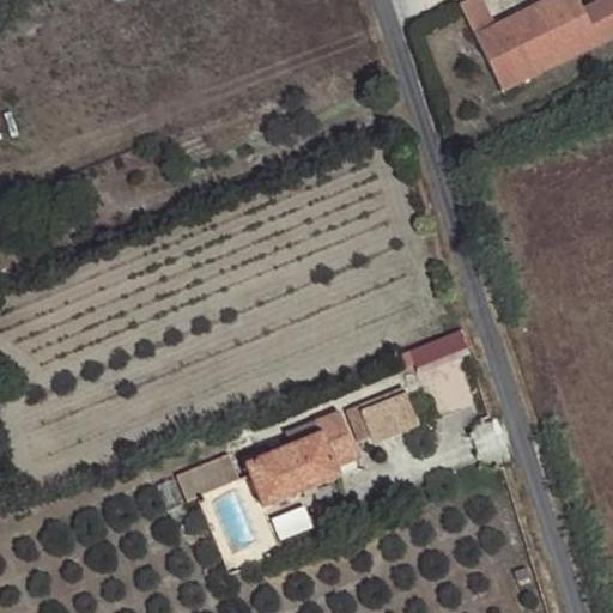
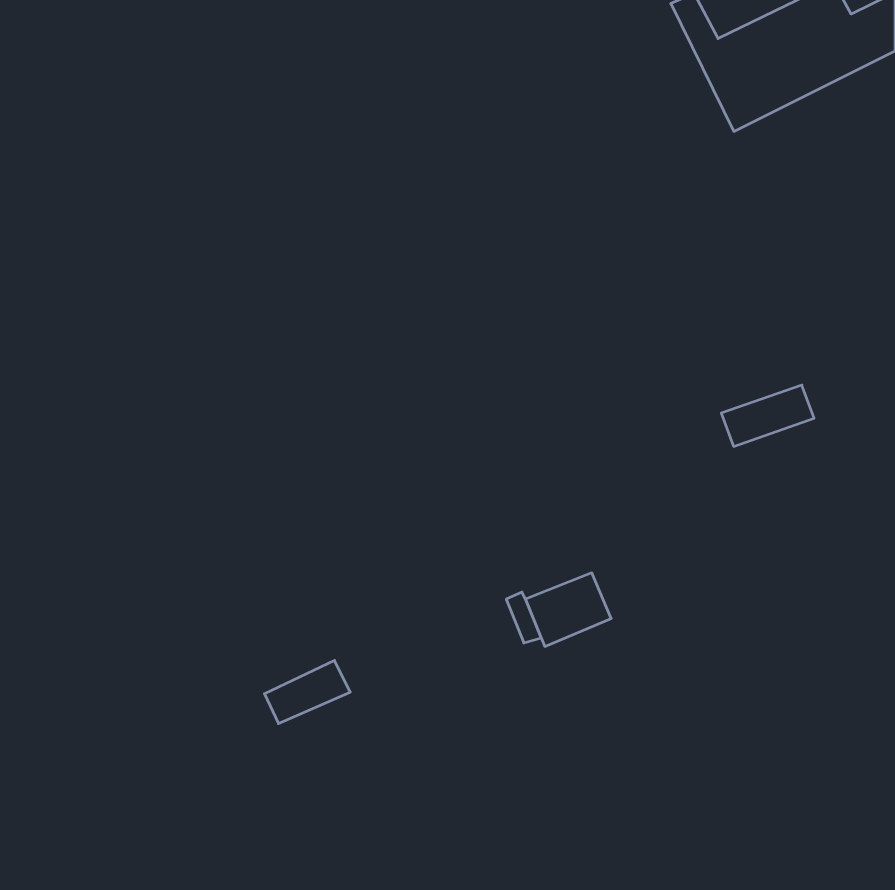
building: [407,327,471,369] -> [721,385,814,446]
building: [248,412,358,506] -> none

